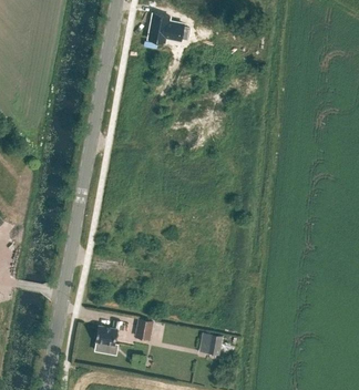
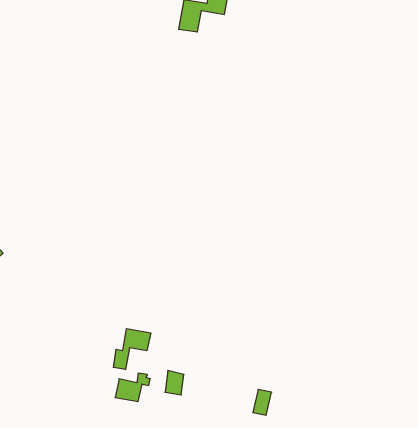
building: none -> [113,329,151,370]

